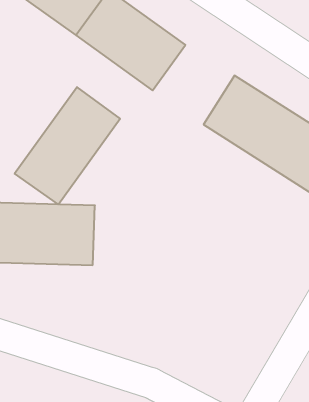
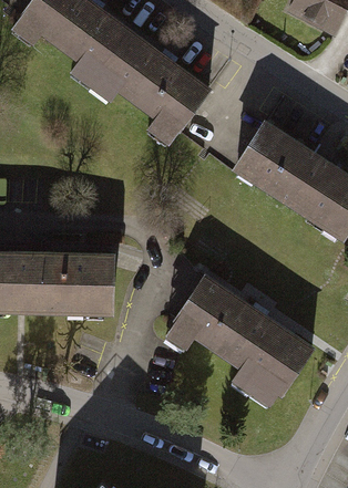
building: [15,87,120,204] -> none
building: none -> [167,276,303,393]

